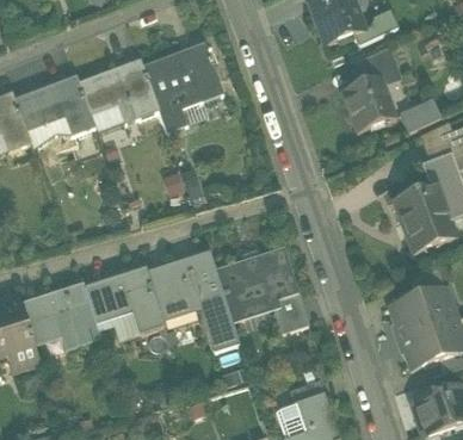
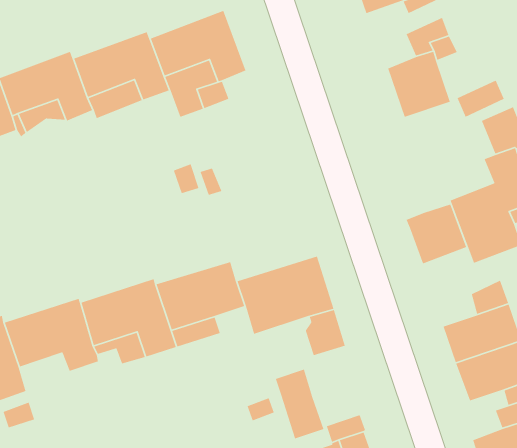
building: none -> [405,204,467,264]
building: [197,290,239,349] -> [275,369,324,440]

